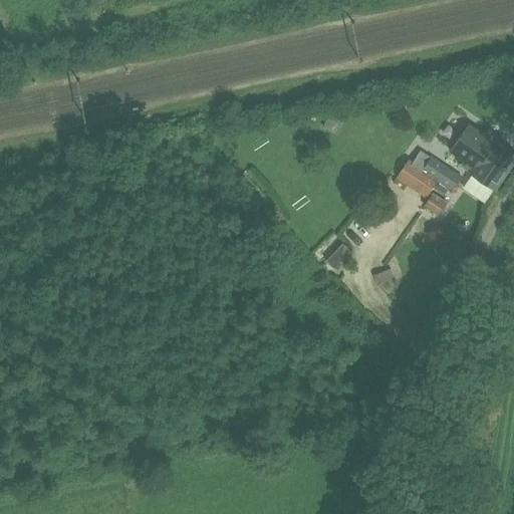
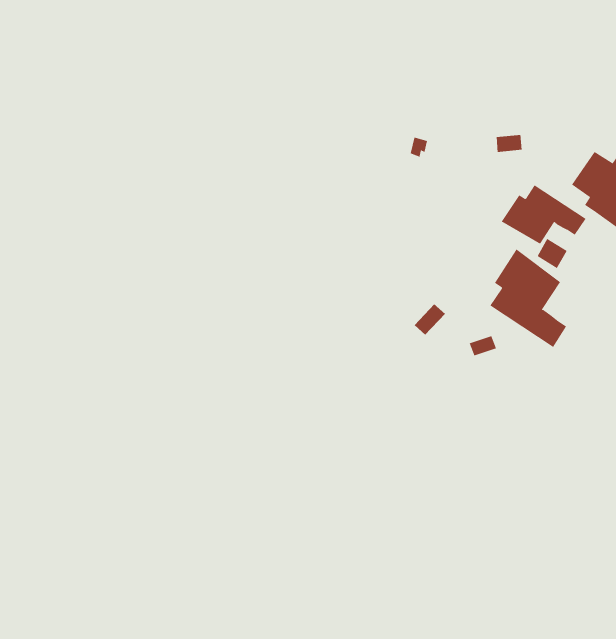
building: none -> [489,249,567,348]

